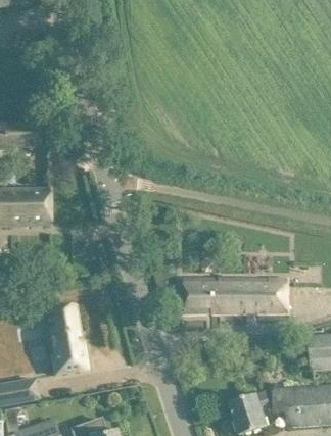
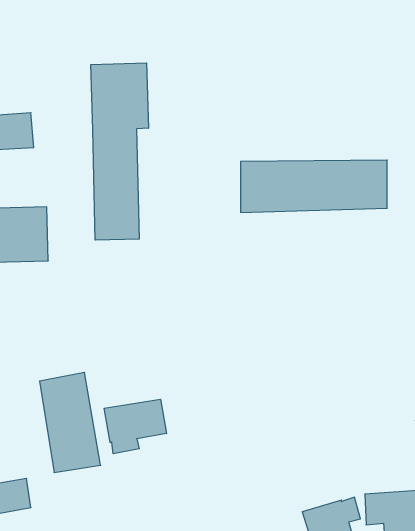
building: none -> [91,63,148,240]
building: [184,276,287,312] -> [241,160,387,212]
building: none -> [104,399,166,454]

